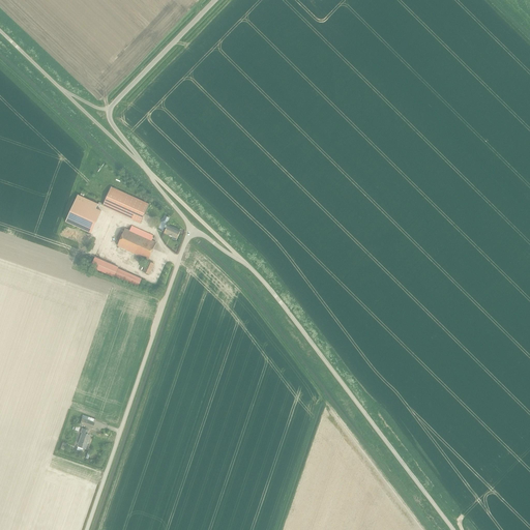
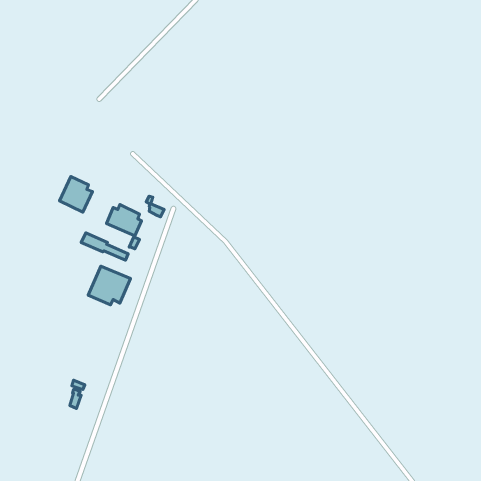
building: [101,186,148,223] -> none
building: none -> [88,266,131,305]

